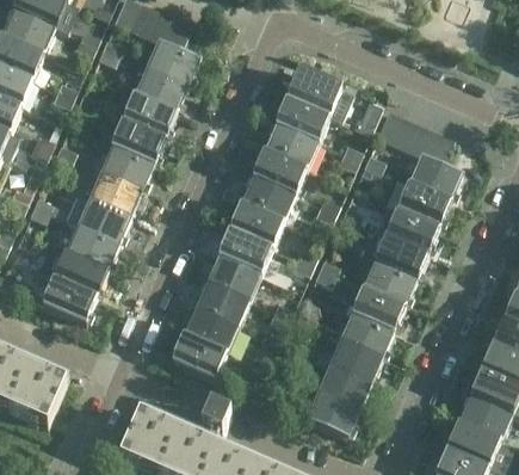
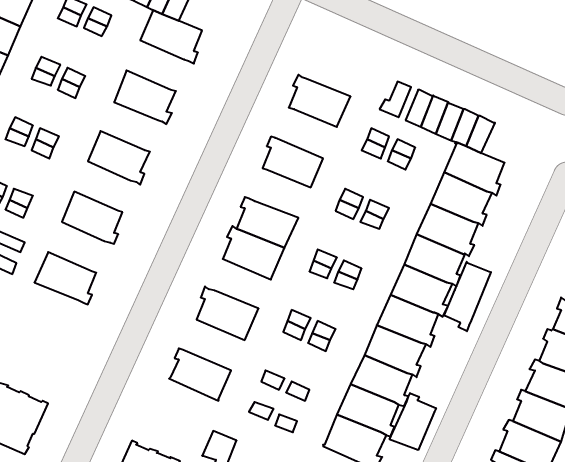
building: [134,64,187,111] -> none
building: [286,68,351,118] -> none
building: [111,118,165,164] -> none
building: [262,121,316,167] -> none
building: [88,169,142,216] -> none
building: [240,173,294,218] -> none
building: [66,222,119,269] -> none
building: [205,252,259,297] -> none
building: none -> [444,262,491,331]
building: [32,274,97,320] -> none
building: [183,306,236,351] -> none
building: none -> [390,393,436,450]

